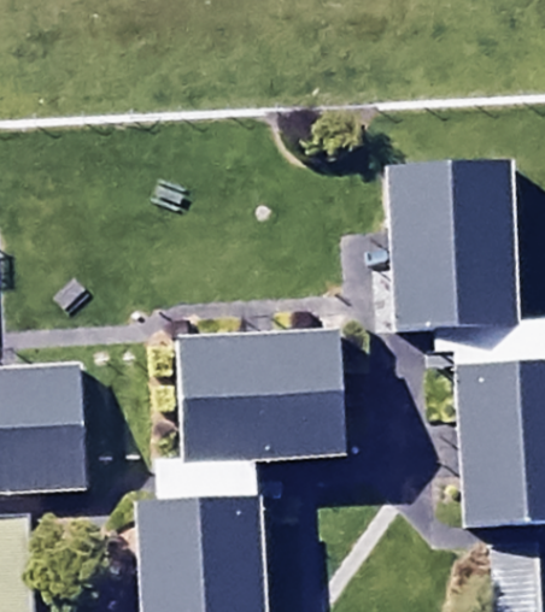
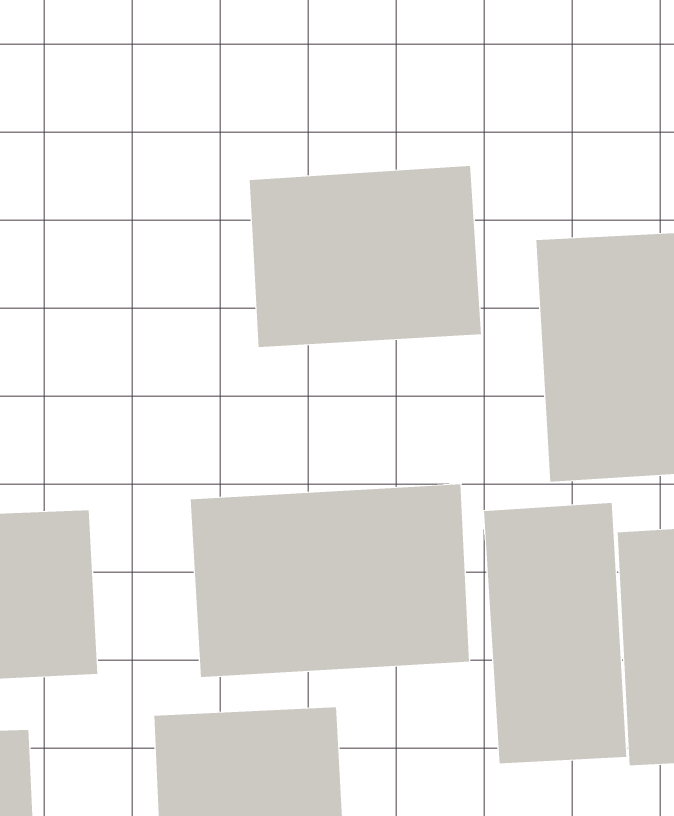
building: none -> [249,165,481,348]
building: none -> [483,502,627,764]

